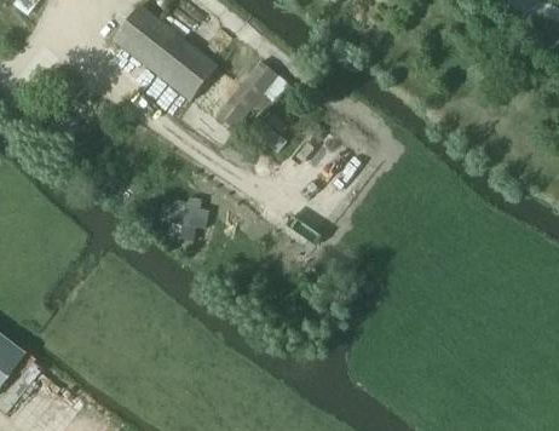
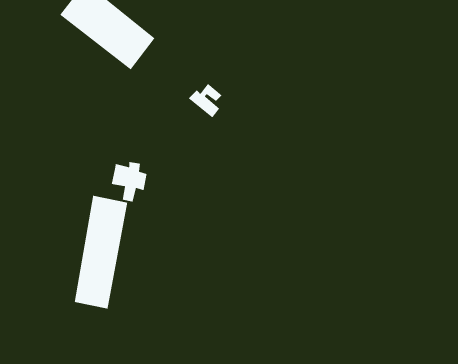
building: [217,61,287,128] -> none
building: none -> [74,195,128,310]

